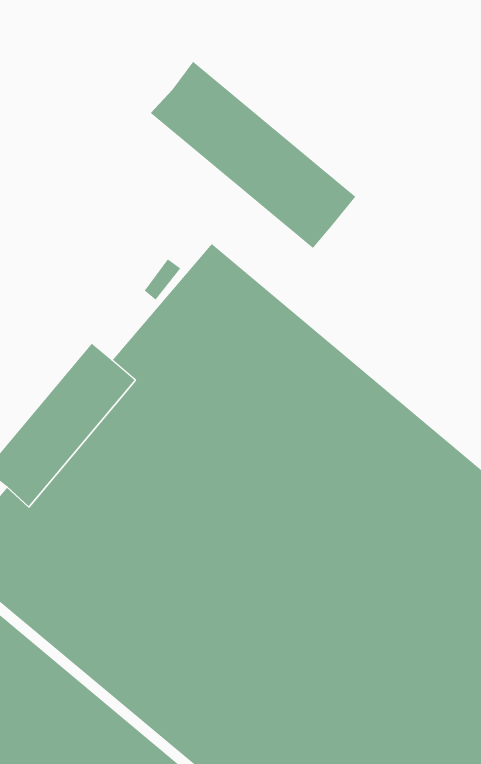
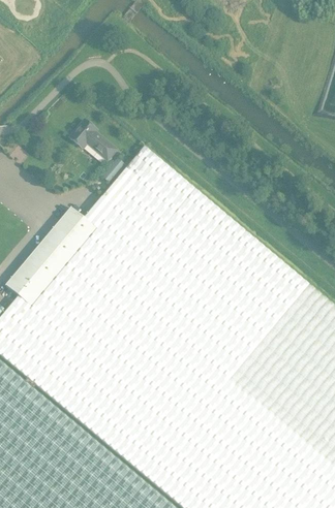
building: [150,61,356,249] -> none
building: none -> [69,123,116,163]

